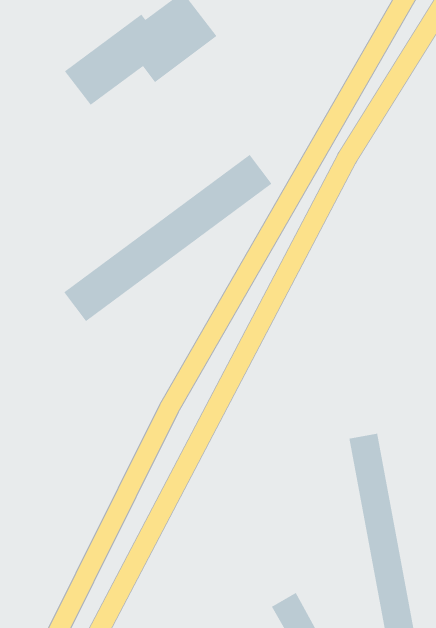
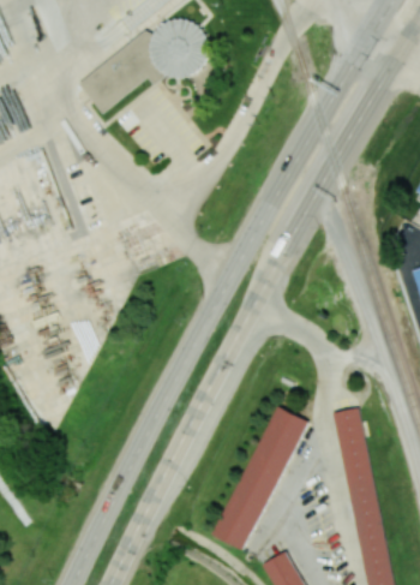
building: [63,154,272,322] -> none
building: none -> [212,405,306,550]

